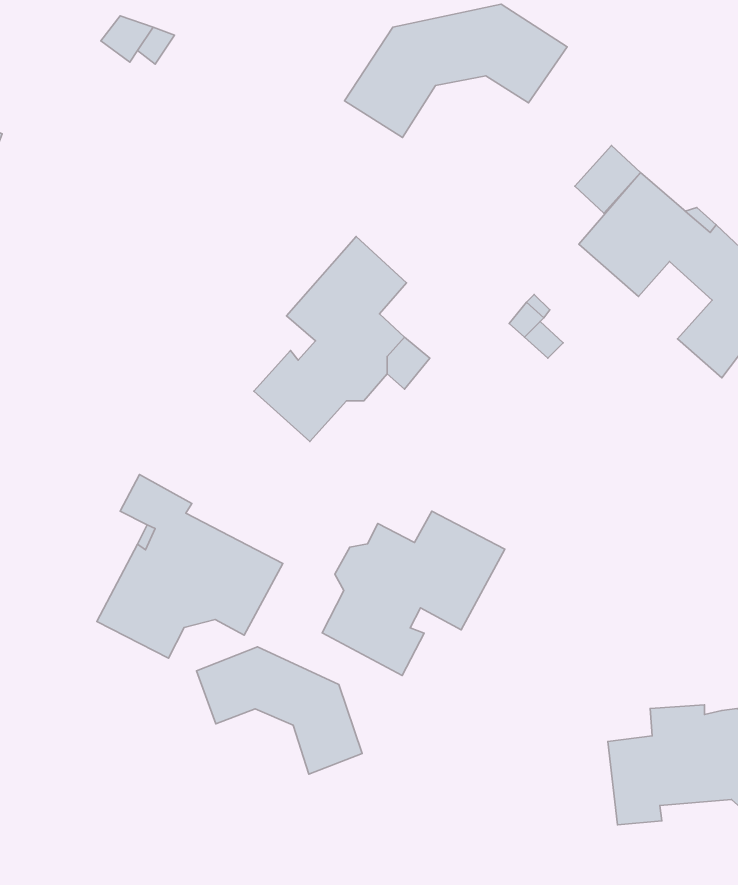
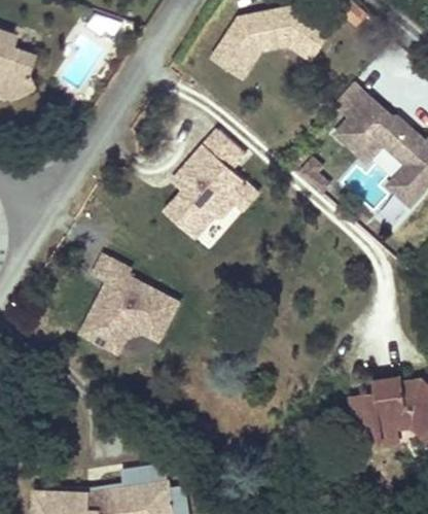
building: [322,511,505,676] -> none
building: [197,647,362,774] -> none

